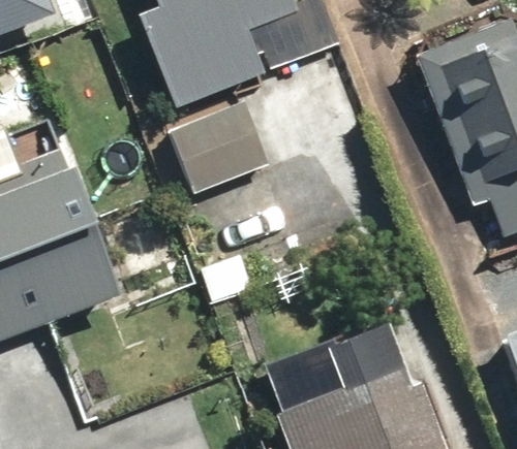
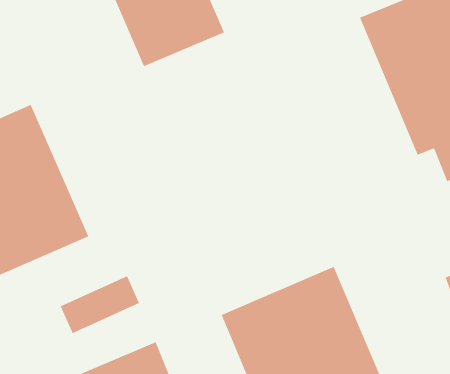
building: [170,97,273,196] -> none

